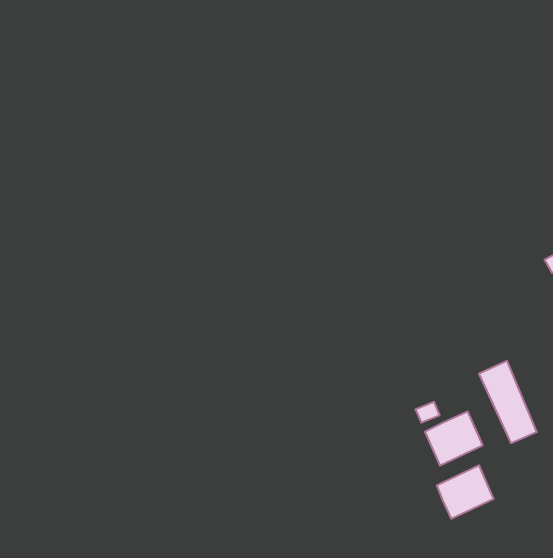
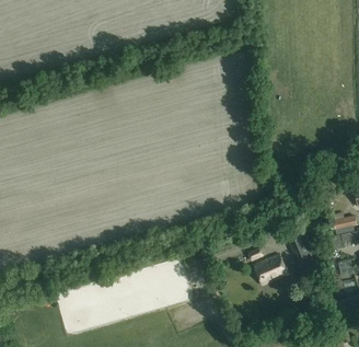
building: [437,465,494,519] -> none

